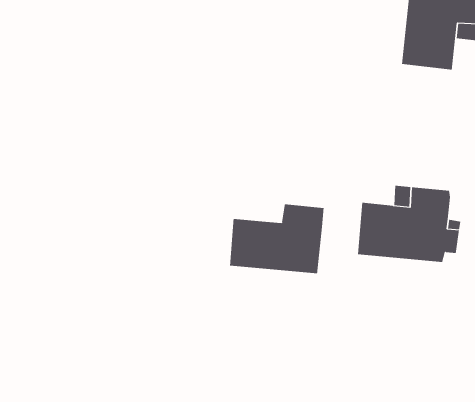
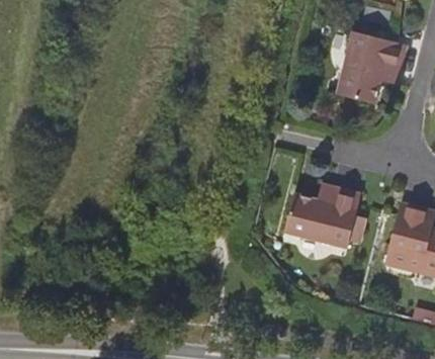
building: [230,203,324,274] -> none

